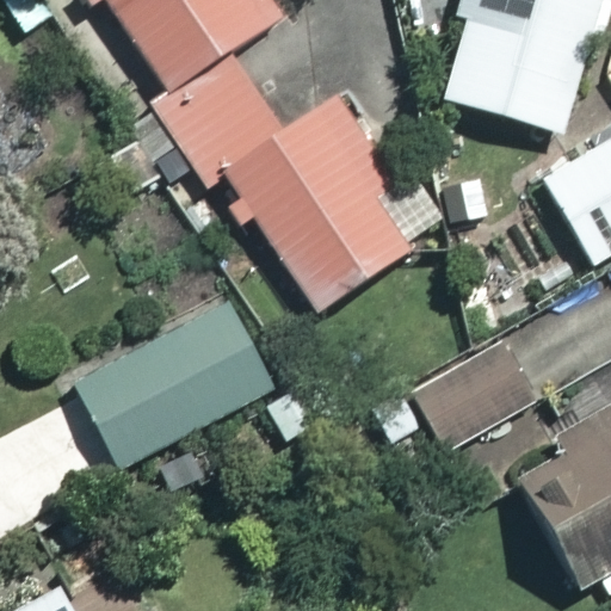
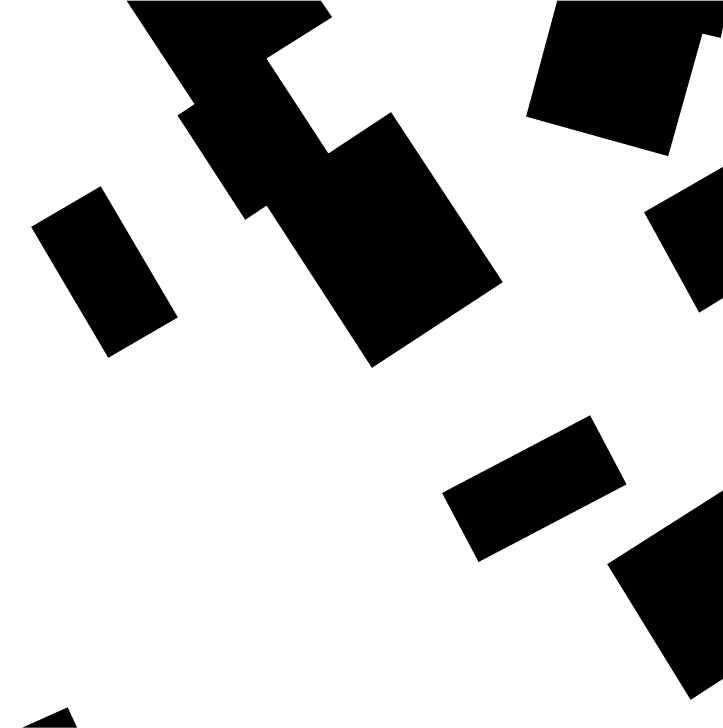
building: none -> [30,185,179,359]
building: [74,296,277,473] -> none

